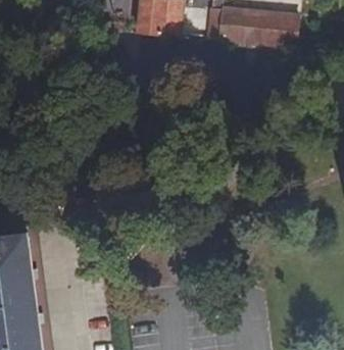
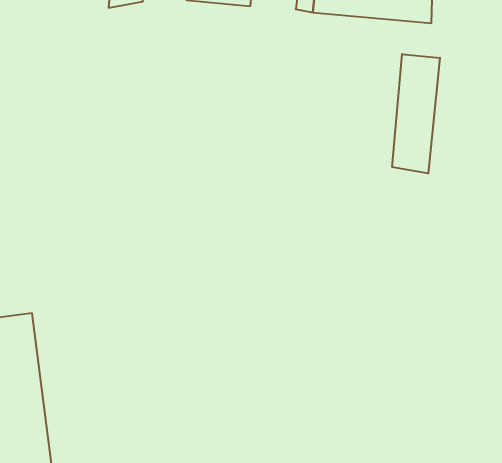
building: none -> [392,54,440,174]

